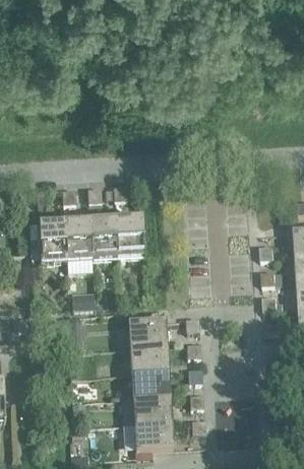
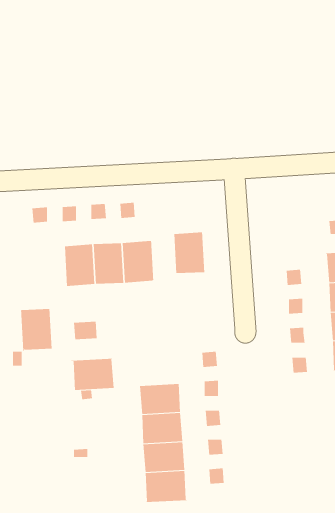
building: none -> [174,231,205,274]
building: [37,222,65,260] -> [20,309,52,351]
building: [126,317,165,345] -> [71,358,115,390]

